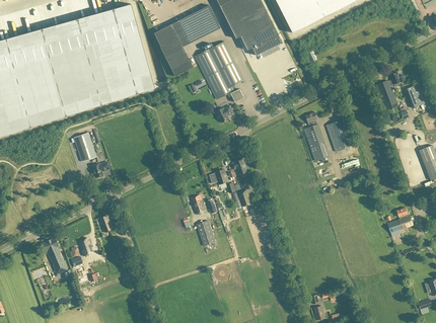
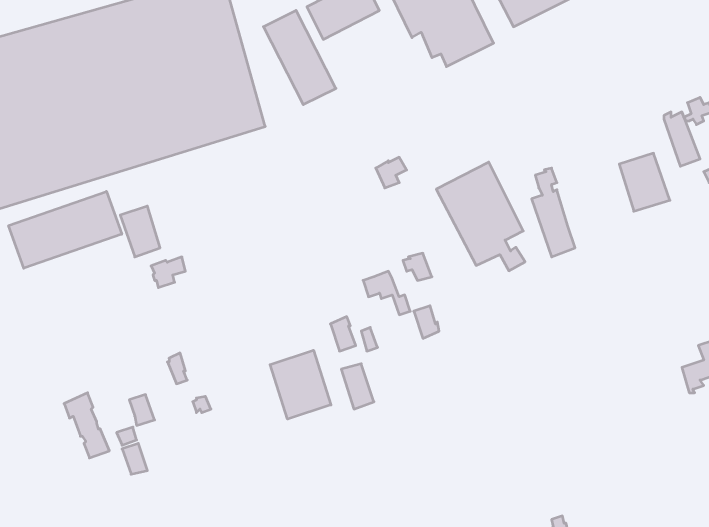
building: [195,42,244,102] -> [436,162,525,271]
building: [326,119,355,152] -> [619,153,670,211]
building: none -> [9,191,122,268]
building: none -> [270,350,331,419]

